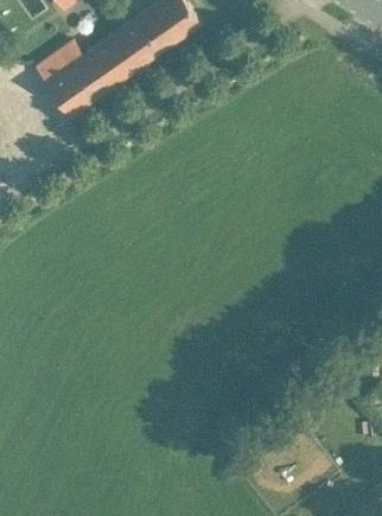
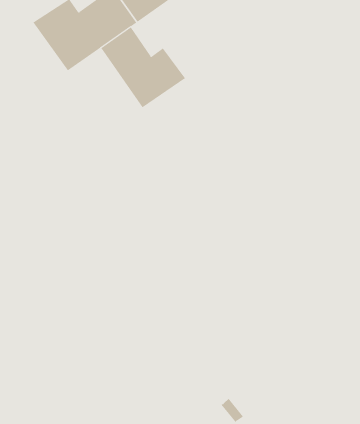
building: none -> [101,27,186,108]

